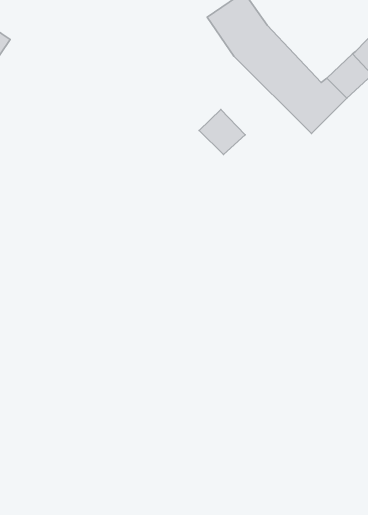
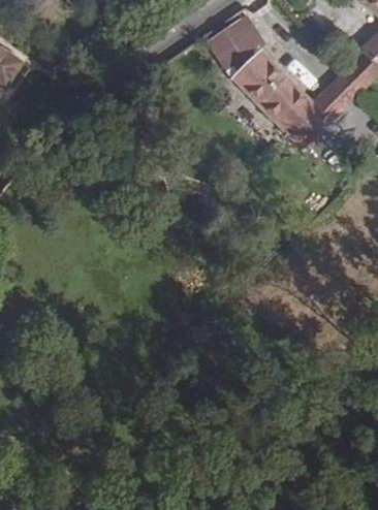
building: [199,109,245,155] -> none

